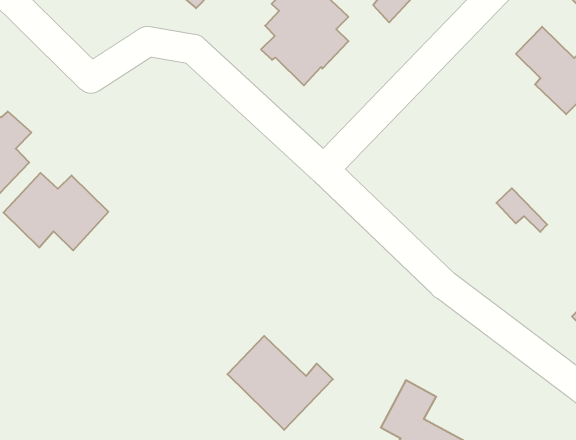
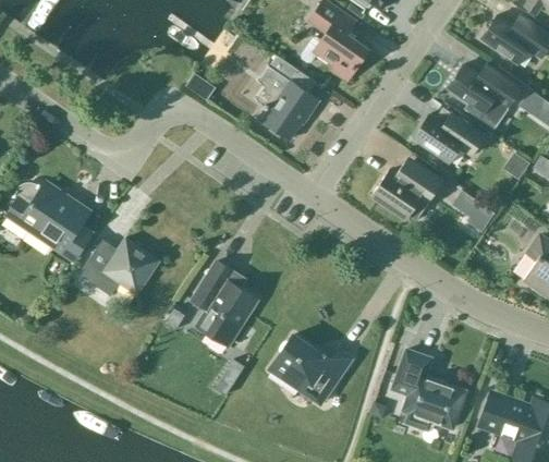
building: none -> [414,107,485,162]
building: none -> [373,161,443,220]
building: none -> [193,262,257,344]

